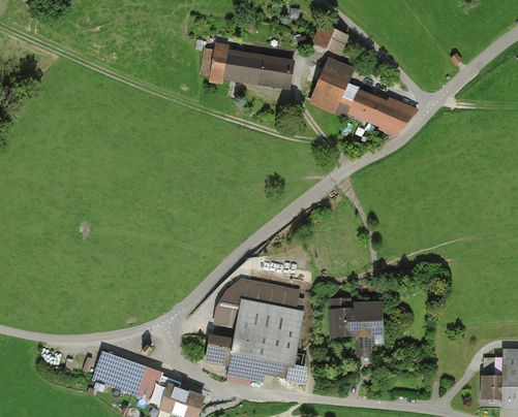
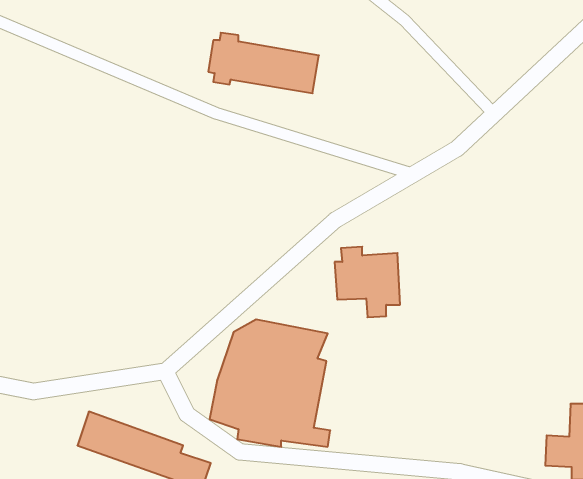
building: [312,26,346,54] -> none
building: [308,58,416,138] -> none
building: [329,297,383,355] -> [335,247,400,317]

